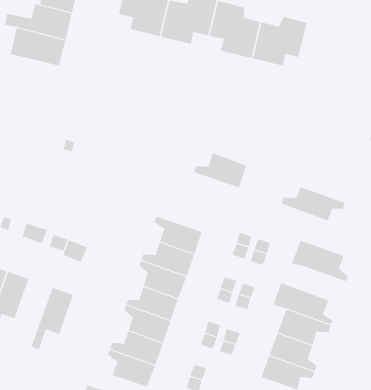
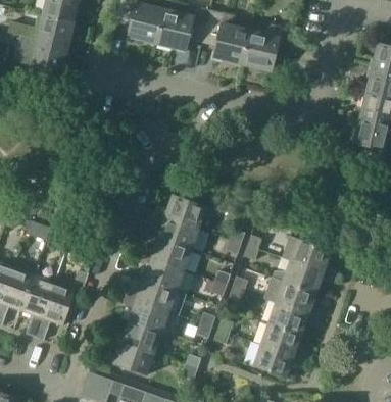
building: [193,153,247,188] -> [153,196,204,230]
building: [281,186,346,221] -> [272,261,333,294]
building: none -> [20,273,55,338]

